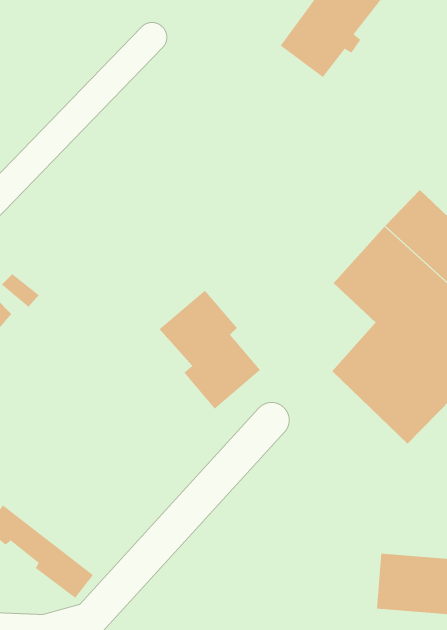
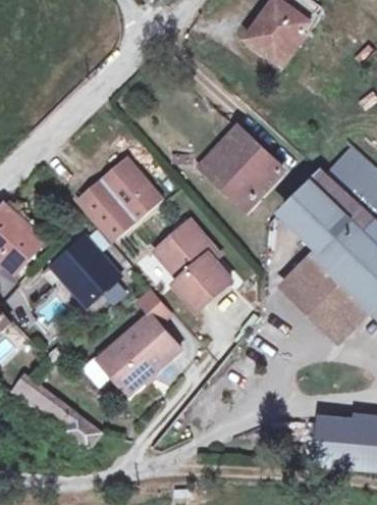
building: none -> [201,128,279,204]
building: none -> [76,158,160,238]
building: none -> [51,235,118,302]
building: none -> [96,314,178,394]

